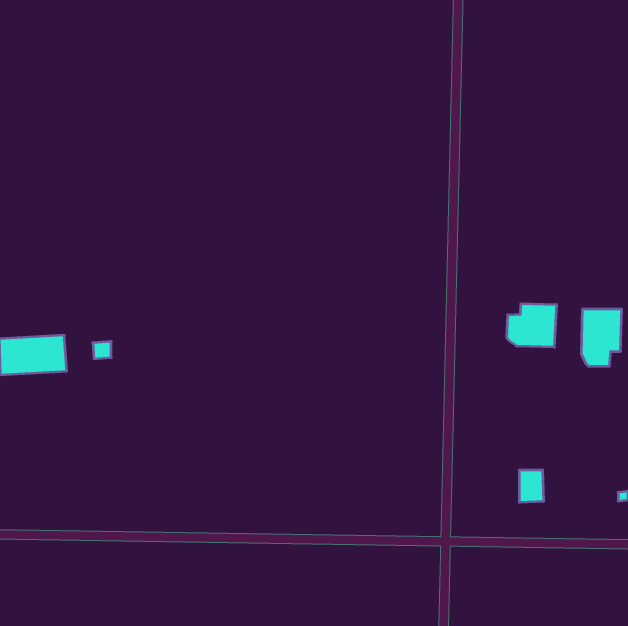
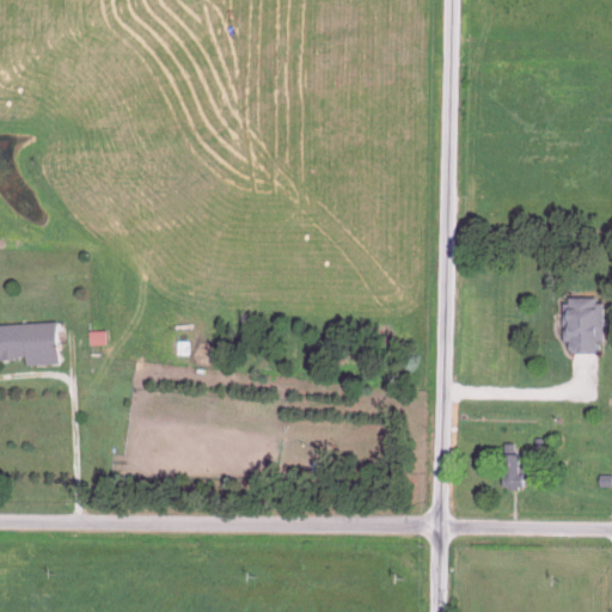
building: [507,304,556,347] -> none

